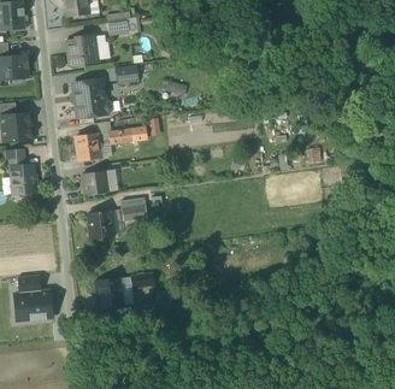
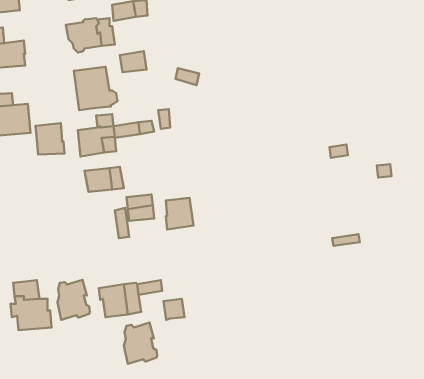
building: [11,164,37,193] -> [36,123,65,155]
building: [88,210,113,238] -> [166,198,193,229]
building: none -> [58,280,90,320]
building: none -> [124,323,157,364]

